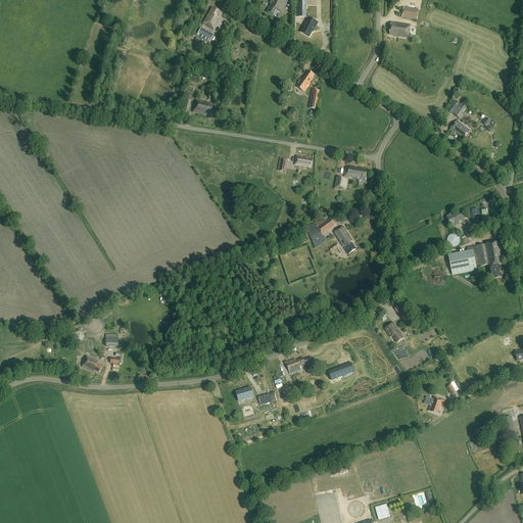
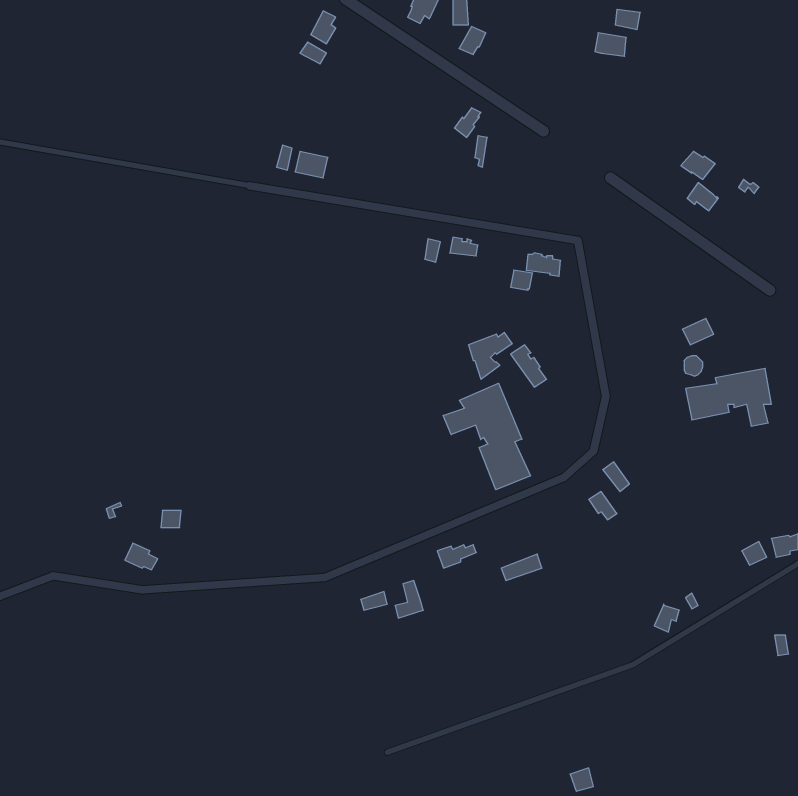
building: none -> [443,383,530,490]

